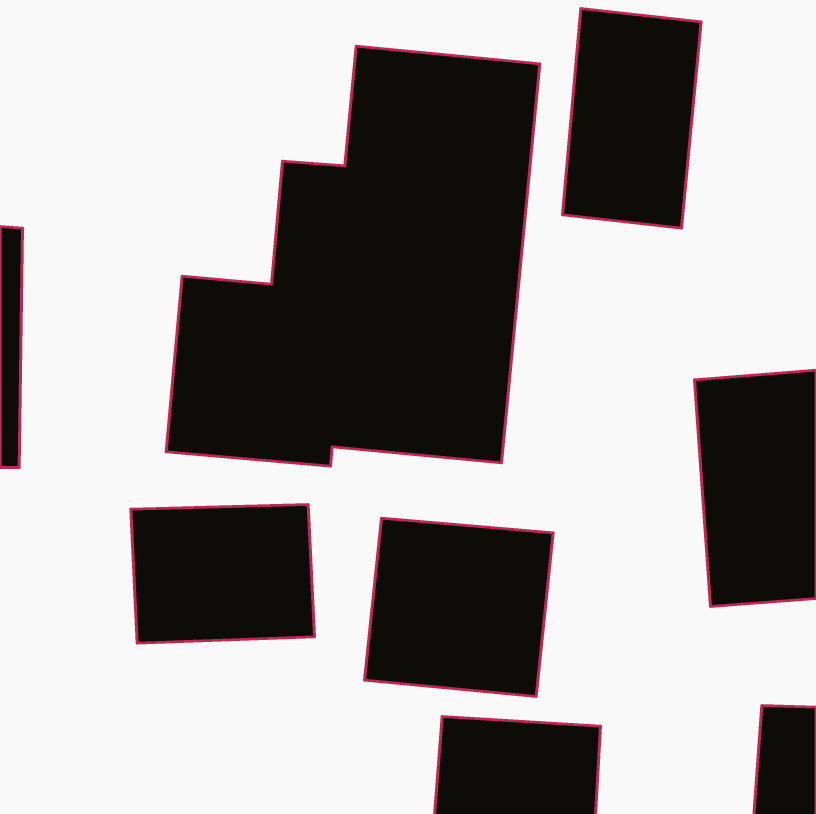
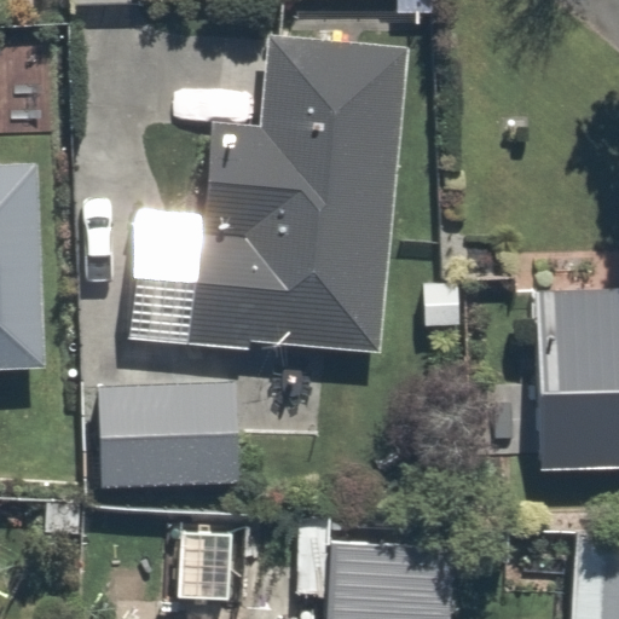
building: [563,8,701,228] -> none
building: [364,518,553,697] -> none

